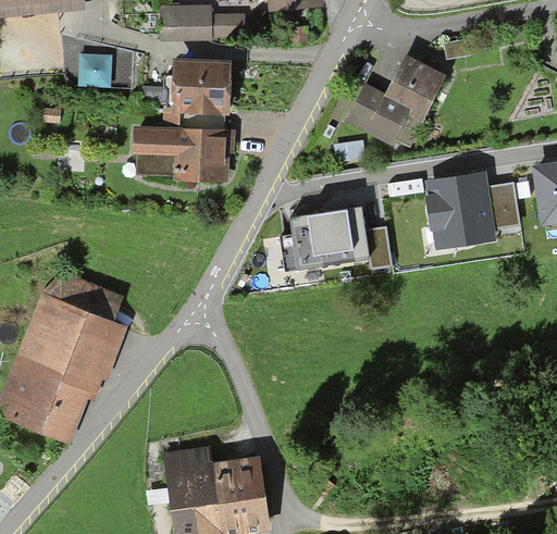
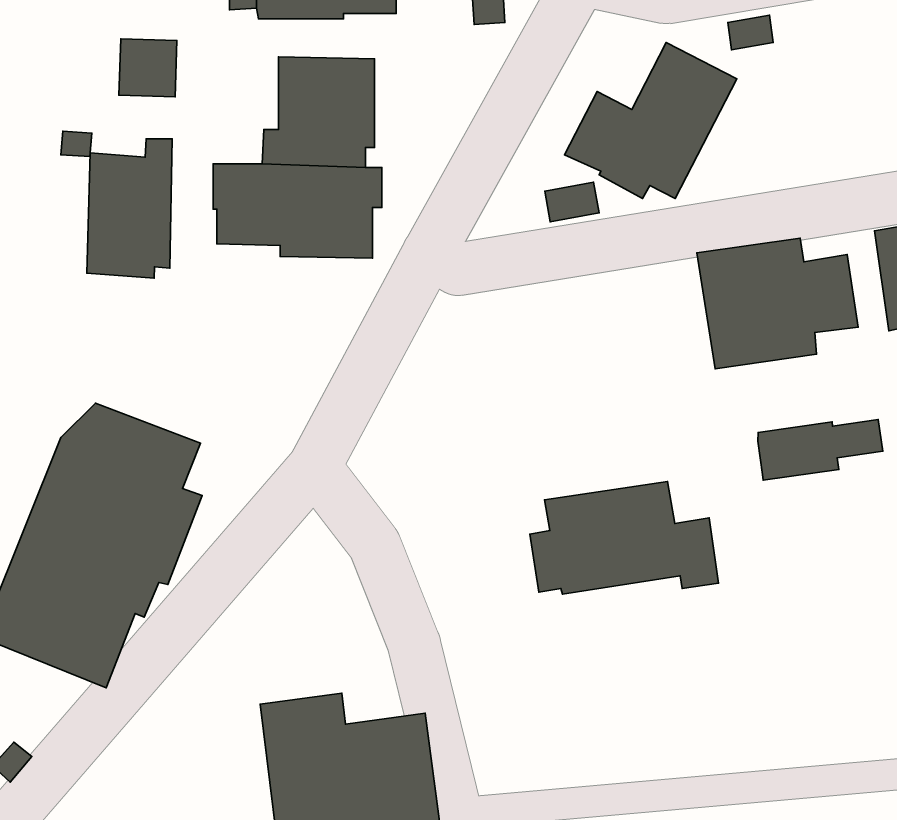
building: none -> [87,139,172,278]
building: [278,204,392,272] -> [530,482,718,594]
building: none -> [758,420,883,480]

